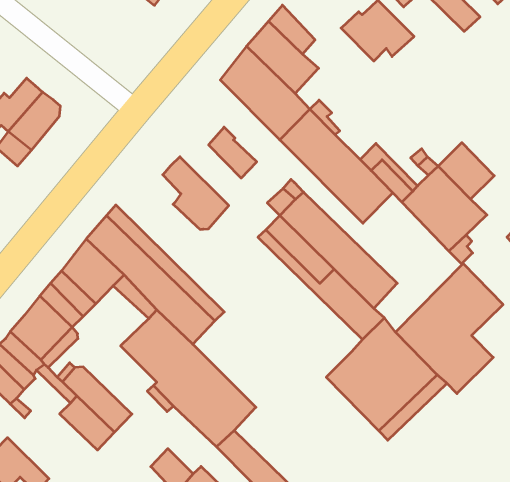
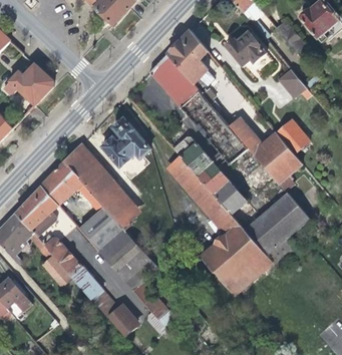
building: none -> [277,69,312,100]
building: [209,127,257,178] -> [101,136,129,167]
building: none -> [72,268,103,300]

